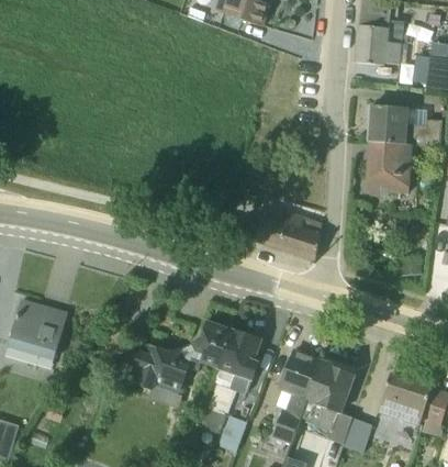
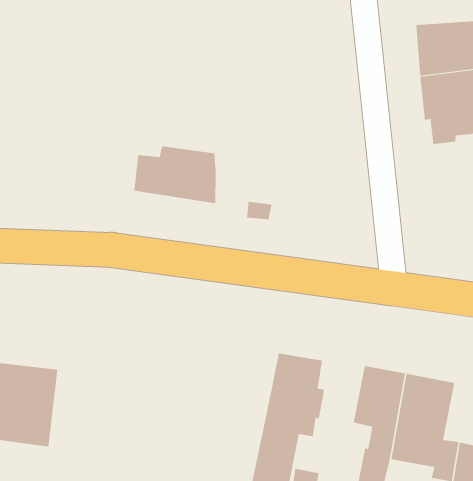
building: [256,210,321,259] -> [133,146,217,204]
building: [128,321,231,391] -> none

